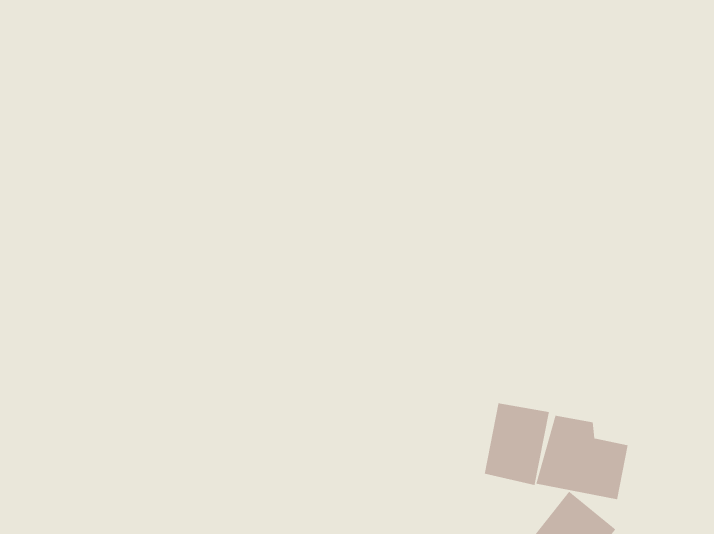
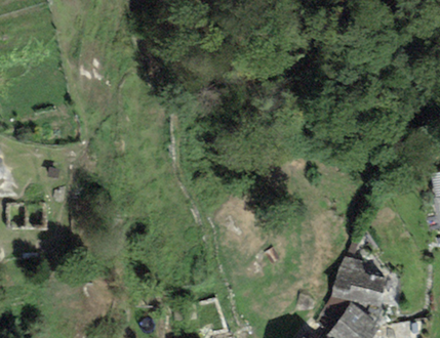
building: [484,402,549,486] -> none

